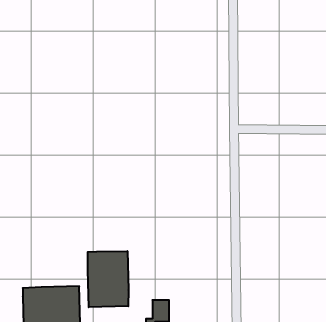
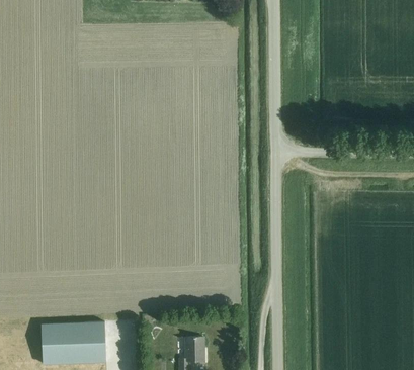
building: [88,251,128,307] -> none

